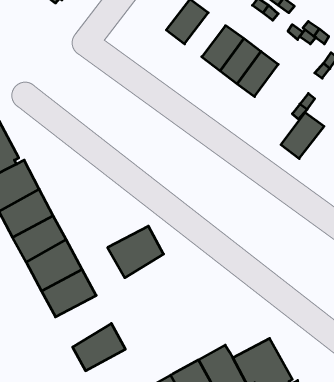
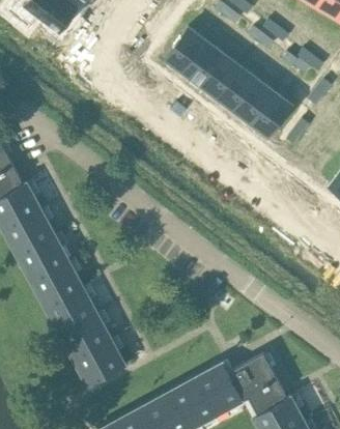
building: none -> [183,42,223,85]
building: [281,112,324,159] -> [251,92,292,137]
building: [108,226,164,278] -> [59,315,113,365]

